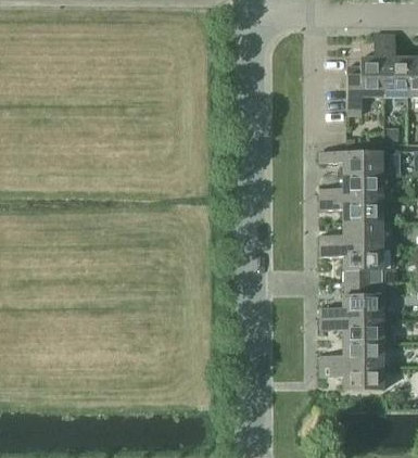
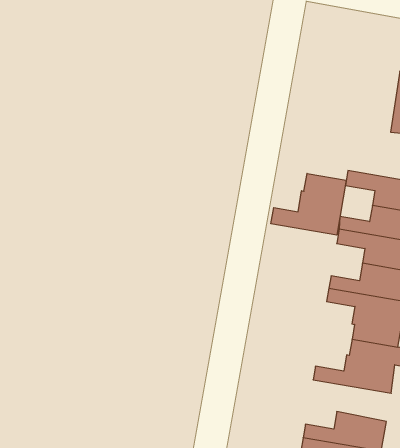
building: none -> [271,173,346,235]
building: [321,319,384,342] -> none

